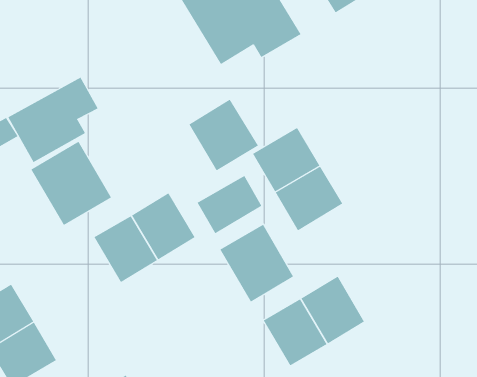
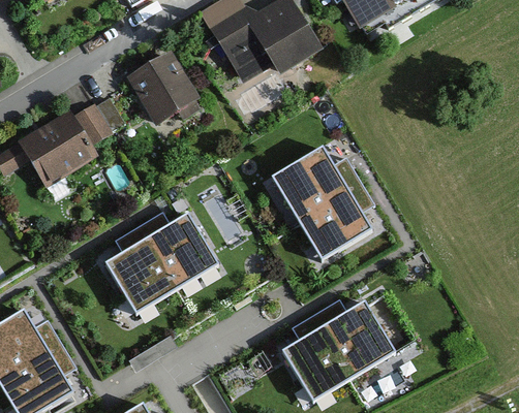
building: [188,99,259,171] -> [128,49,202,124]
building: [30,141,112,226] -> none
building: [197,175,262,234] -> none
building: [219,224,294,303] -> none

